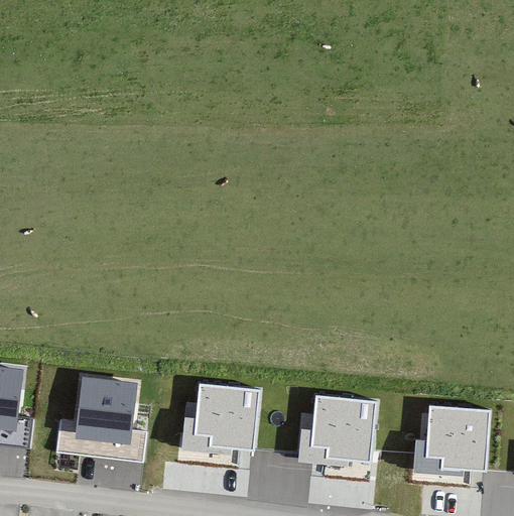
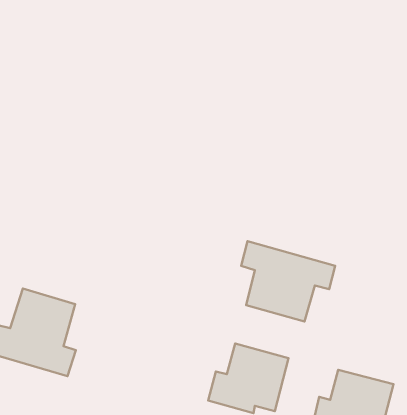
building: none -> [241,241,335,321]
building: [179,383,258,454] -> none

